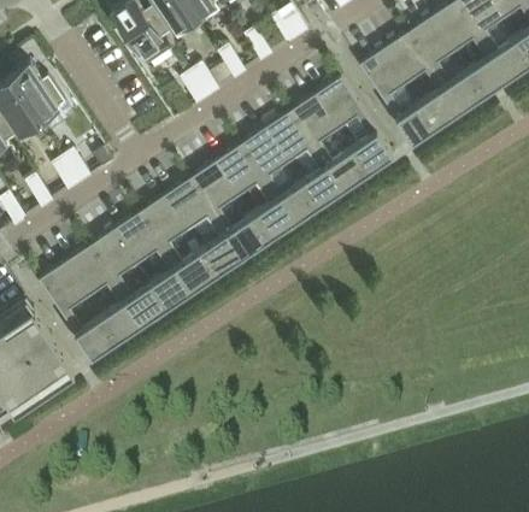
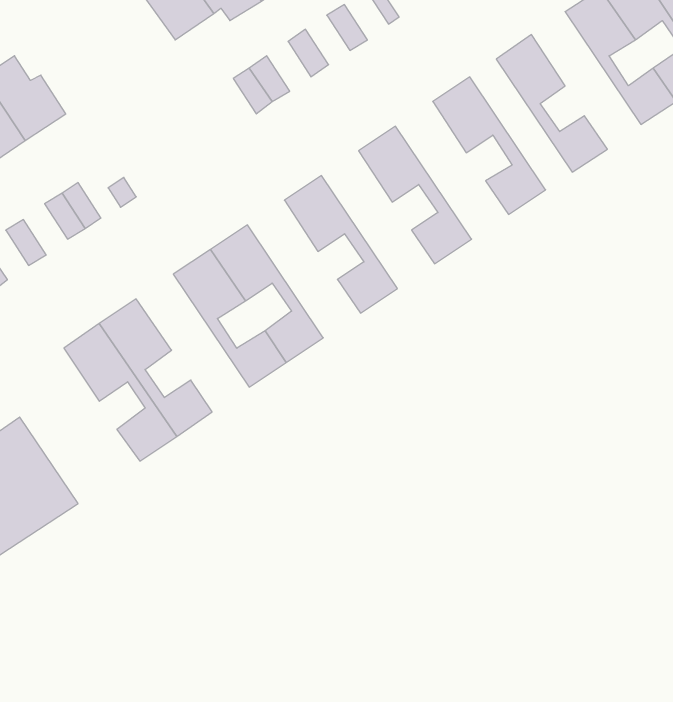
building: [384,34,459,128] -> none
building: [292,95,369,189] -> none
building: [241,129,318,223] -> none
building: [190,163,268,257] -> none
building: [114,213,192,307] -> none
building: [40,264,117,358] -> none

